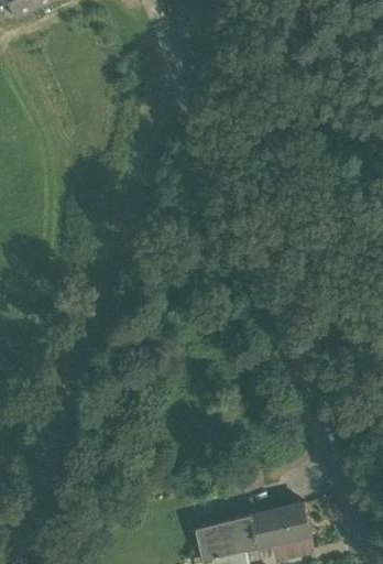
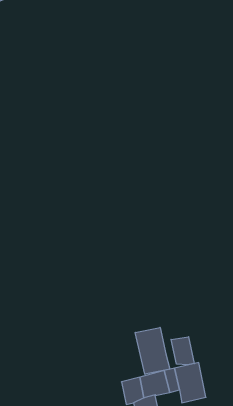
building: none -> [135,327,170,374]
building: none -> [171,337,194,365]

